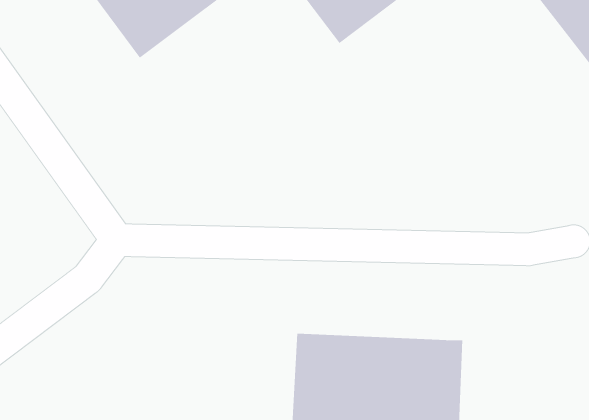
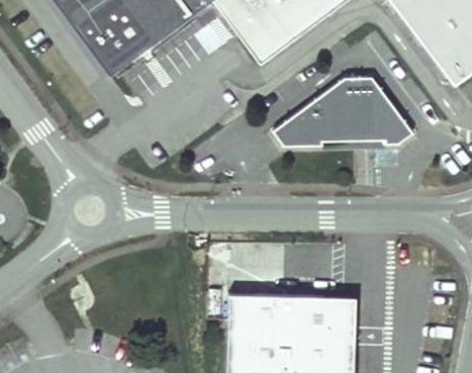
building: none -> [273,80,411,147]

